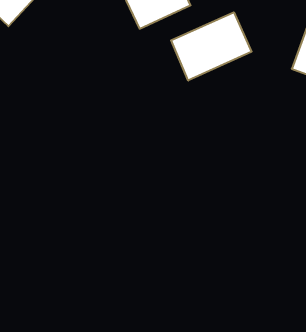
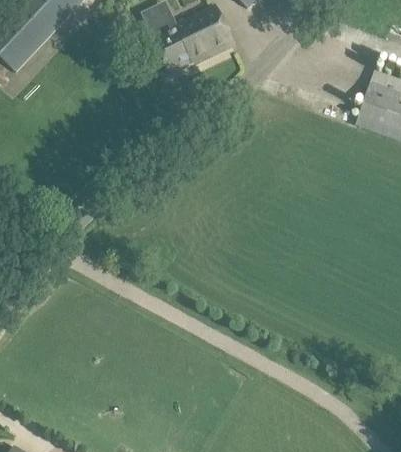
building: [171,12,252,81] -> none

